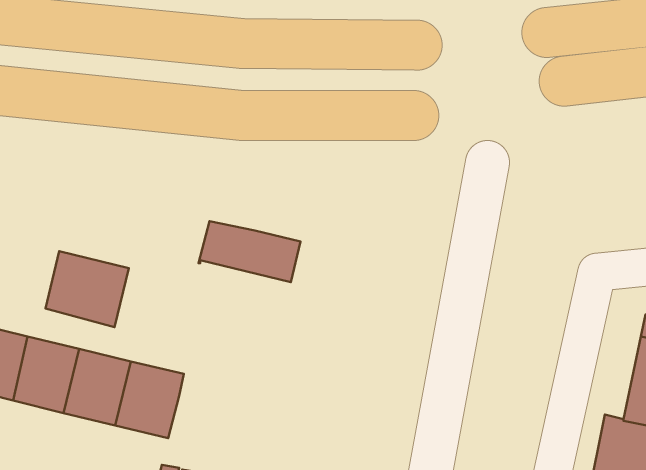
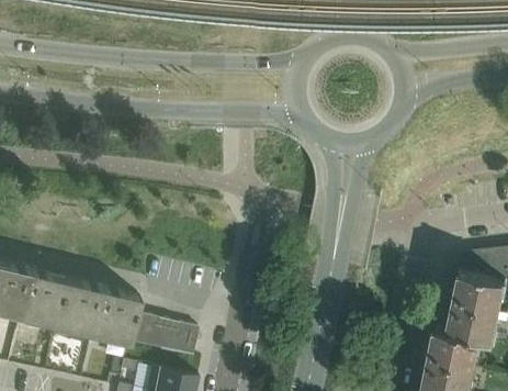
building: [199,221,300,282] -> [126,312,197,355]
building: [45,251,129,327] -> none

